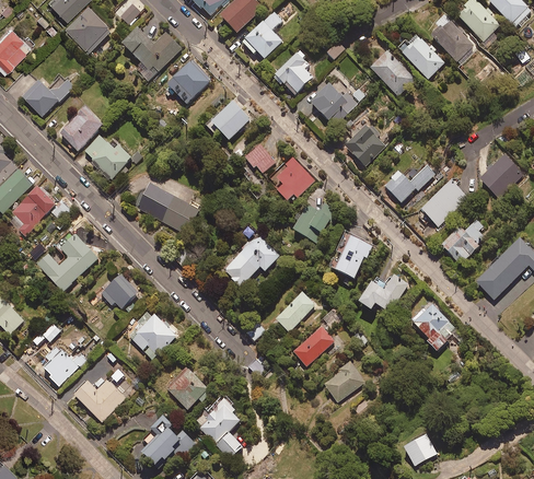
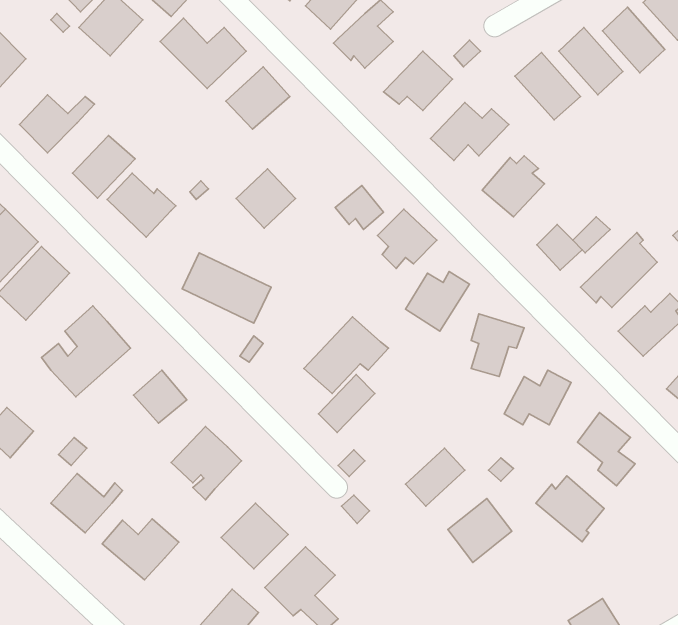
building: [209,98,251,140] -> [236,169,296,228]
building: [276,290,315,330] -> [319,375,375,432]
building: none -> [536,476,604,542]

